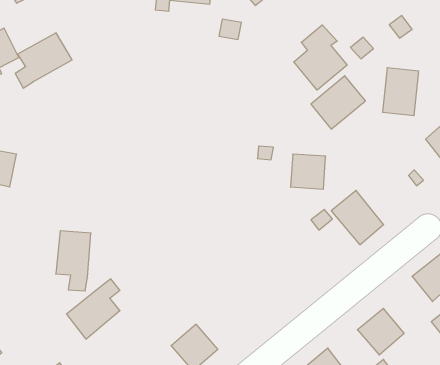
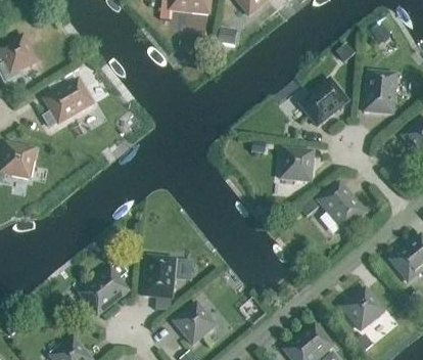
building: [294,25,347,90] -> none
building: [15,33,72,88] -> [42,80,93,130]
building: [56,231,91,291] -> [143,257,175,311]

